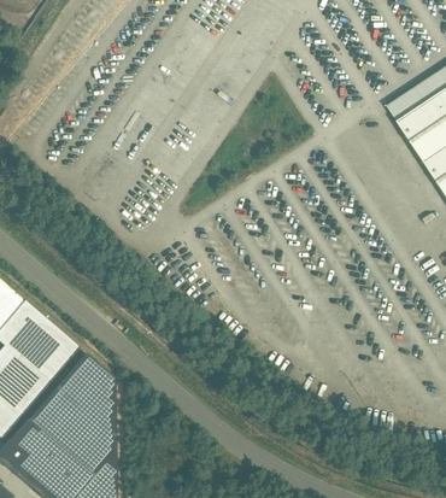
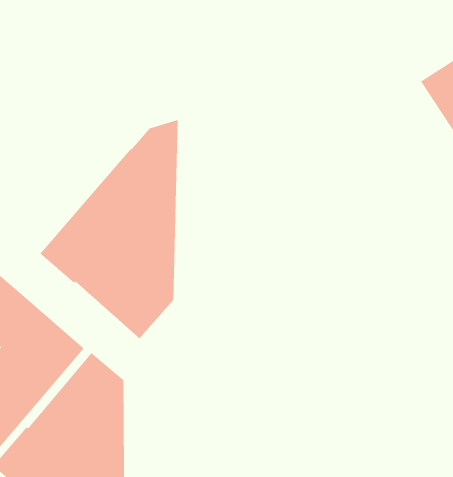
building: none -> [39,119,178,339]

